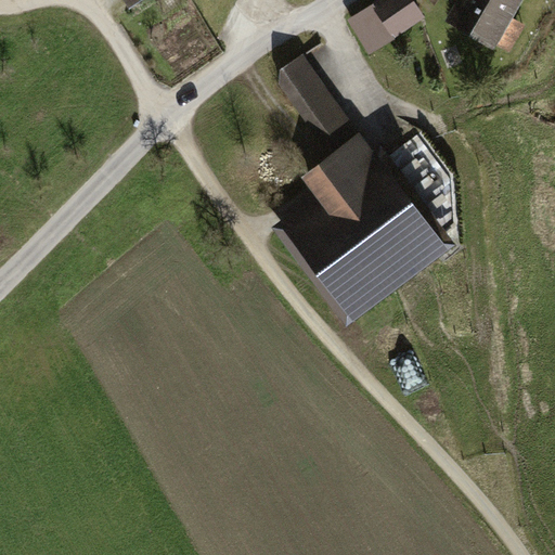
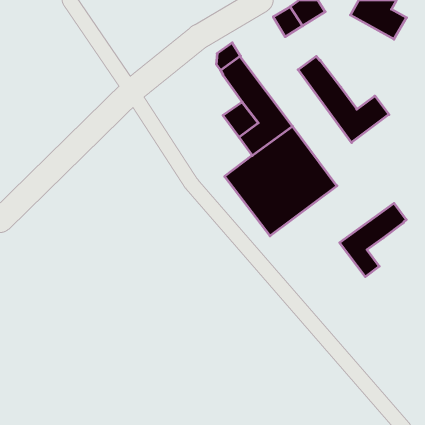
building: none -> [298,56,389,143]
building: none -> [340,203,406,277]

